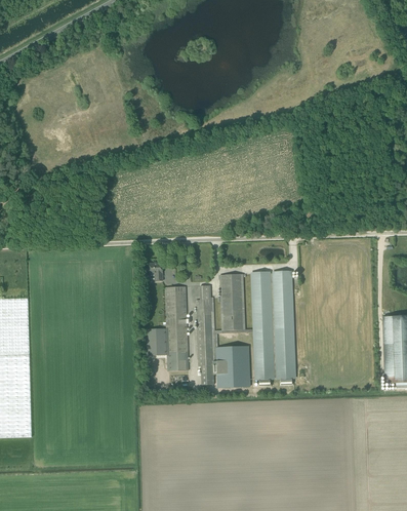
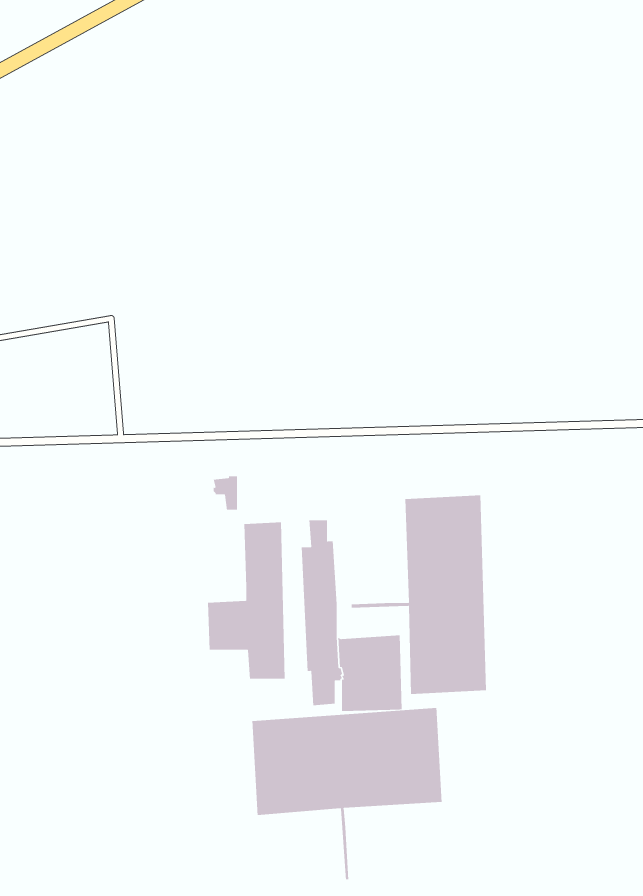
building: [219,274,244,330] -> none
building: none -> [252,707,442,880]

